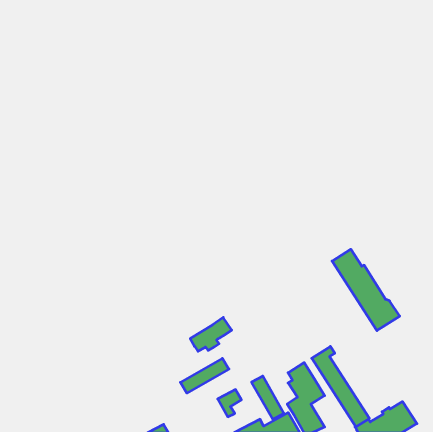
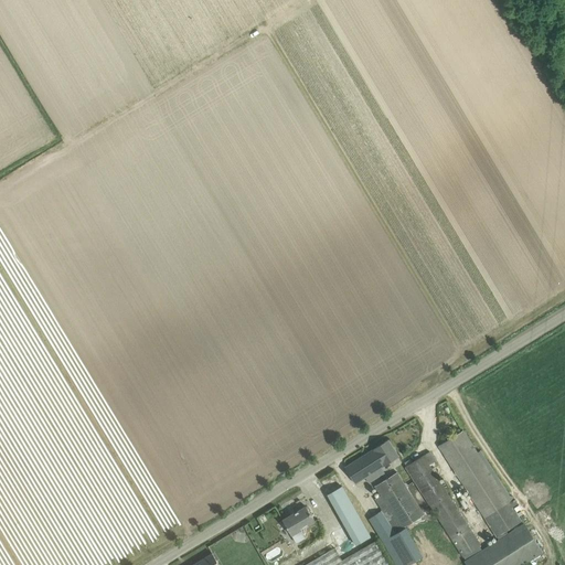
building: [332,249,400,331] -> [439,431,527,537]
building: [190,317,232,351] -> [345,440,399,484]
building: [180,358,229,393] -> none

